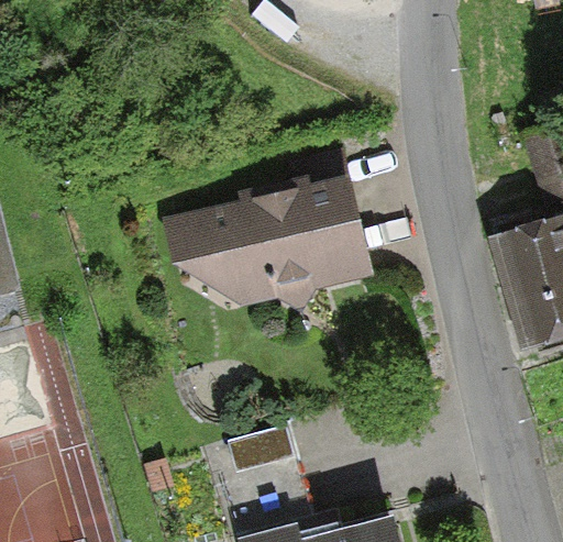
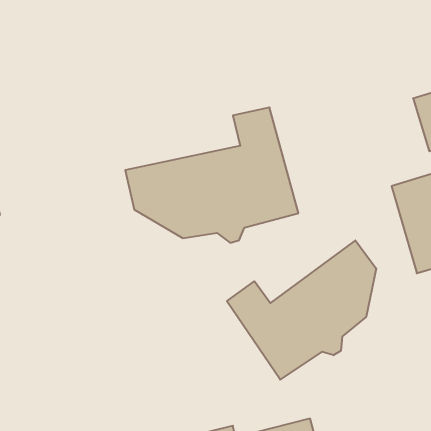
building: none -> [227,240,376,380]

